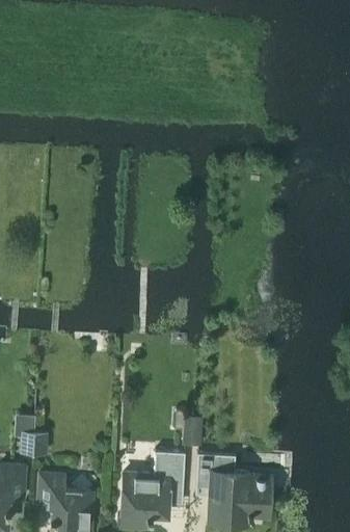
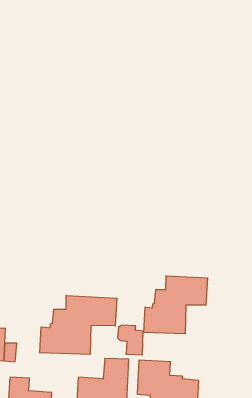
building: none -> [144,276,207,334]
building: none -> [40,295,117,354]

